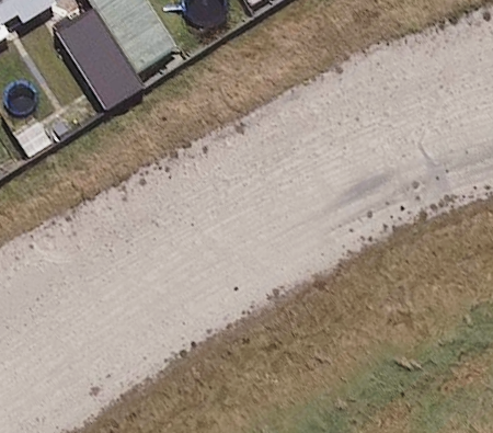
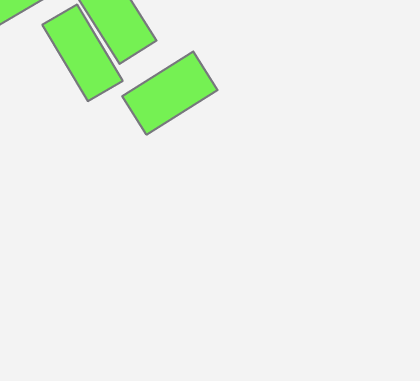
building: none -> [122,51,218,135]

